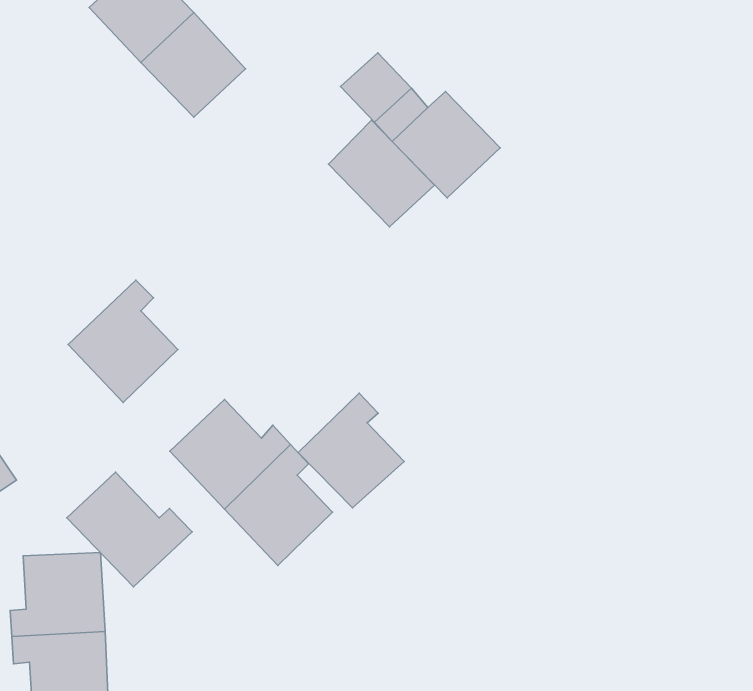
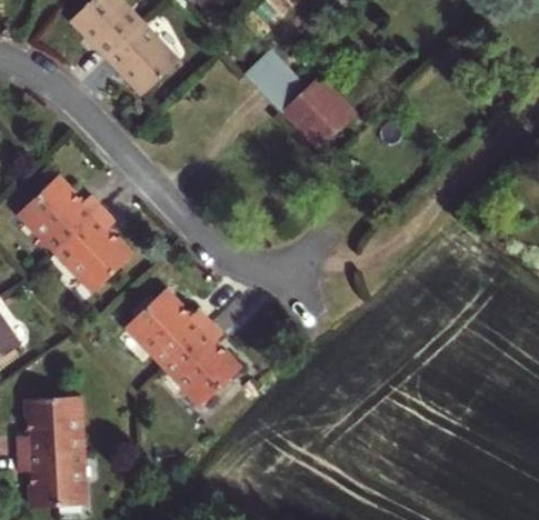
building: [328,120,435,227] -> none
building: none -> [18,177,102,252]
building: [298,393,404,508] -> none
building: [67,472,192,587] -> none

